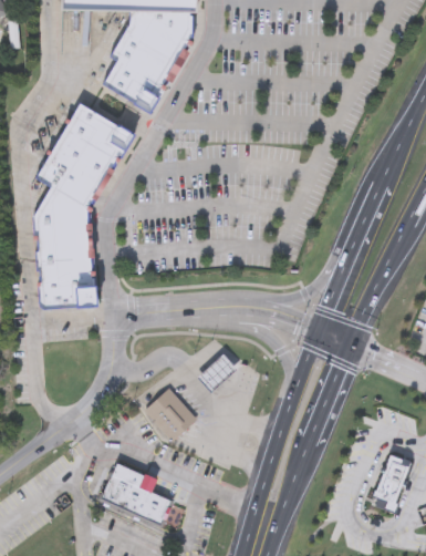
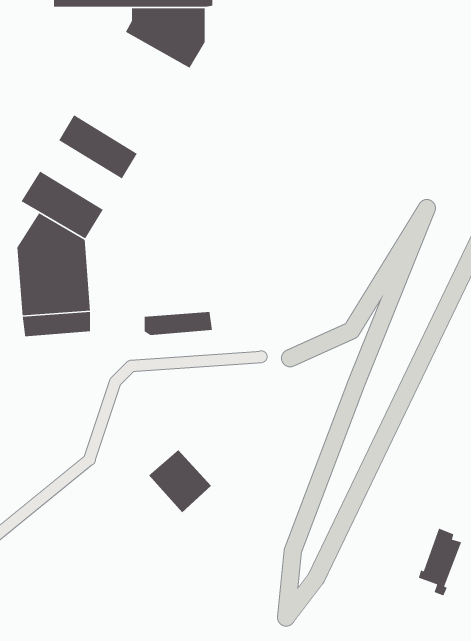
building: [102,31,178,110] -> none
building: [51,123,121,182] -> none
building: [38,286,96,307] -> [144,311,213,336]
building: [198,352,237,391] -> none
building: [100,460,173,526] -> none

